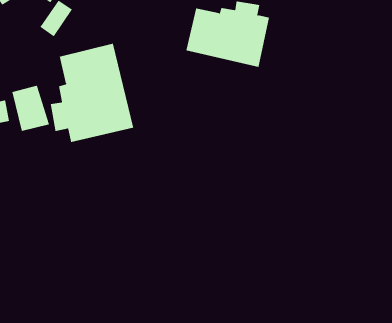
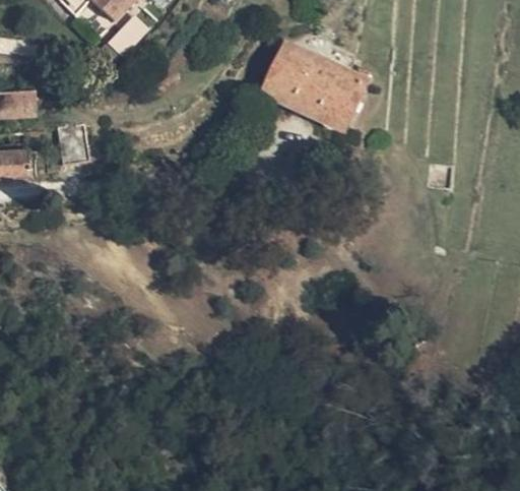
building: [50,43,134,143] -> none

